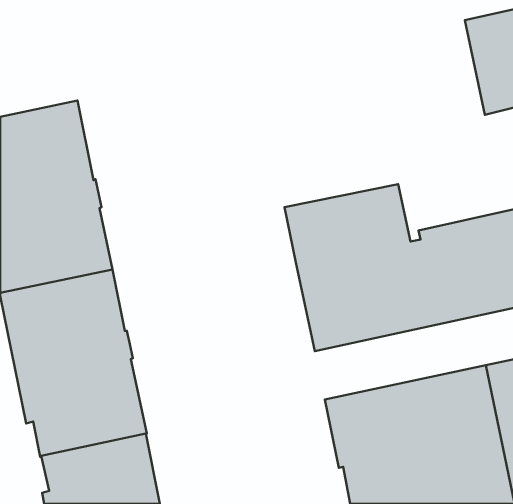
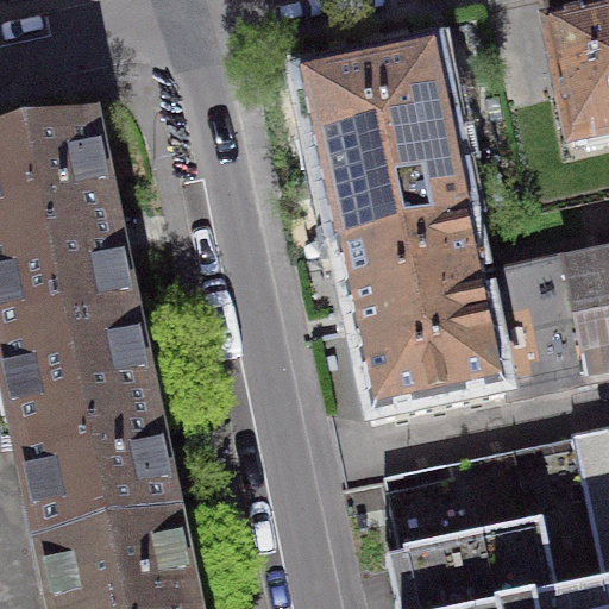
building: none -> [302,48,472,245]

